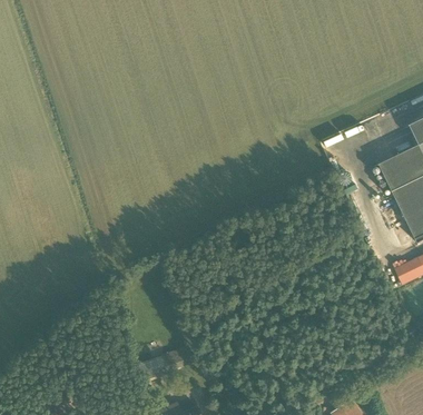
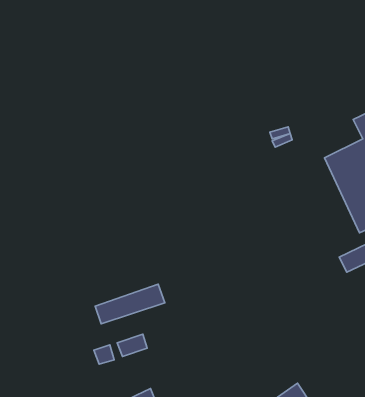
building: none -> [95,284,165,324]

